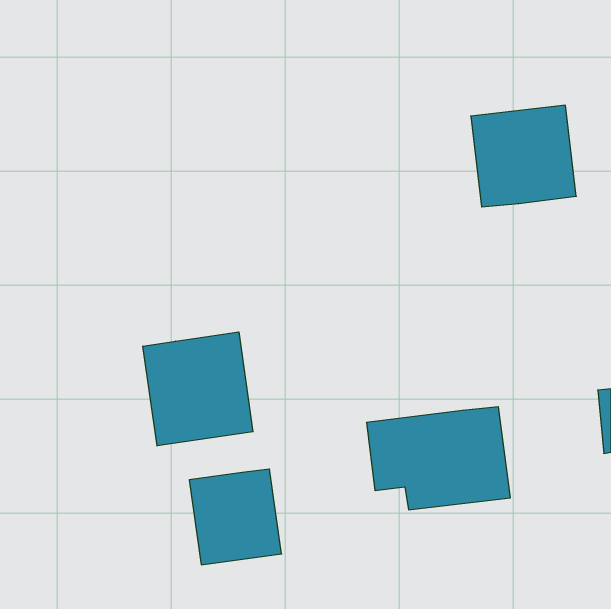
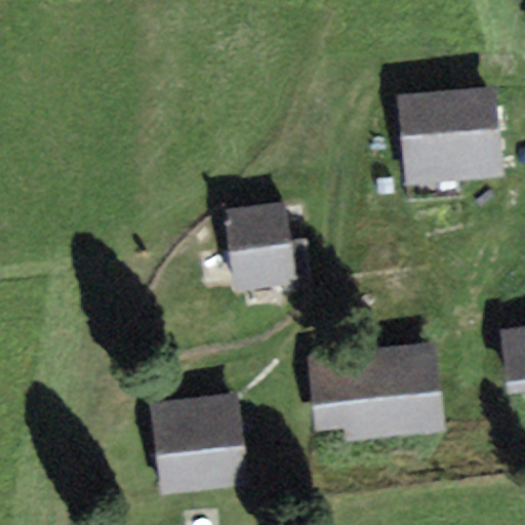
building: none -> [232,208,288,282]
building: [143,332,253,446] -> none

